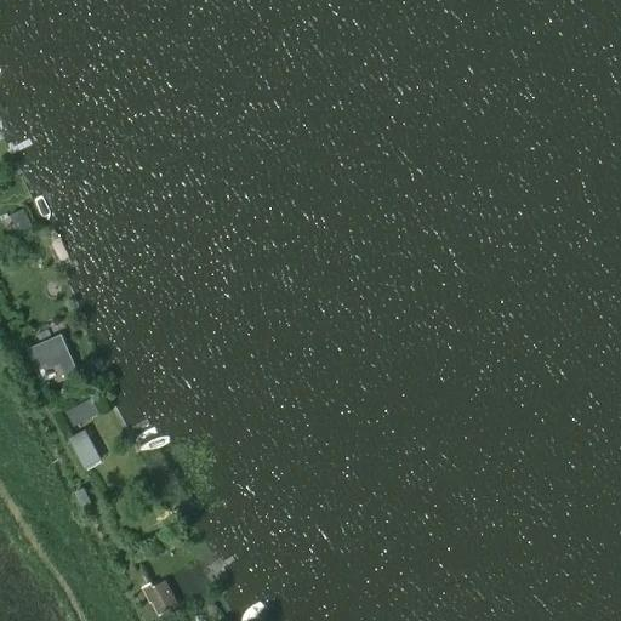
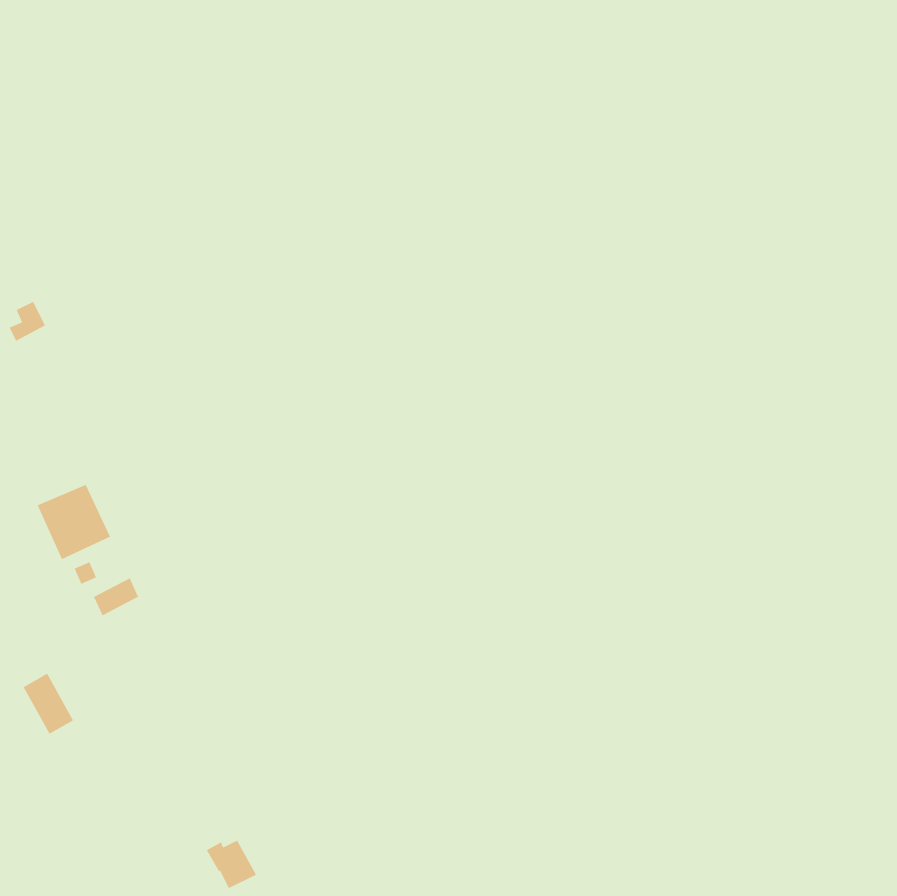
building: [67,428,102,471] -> [23,673,74,735]

